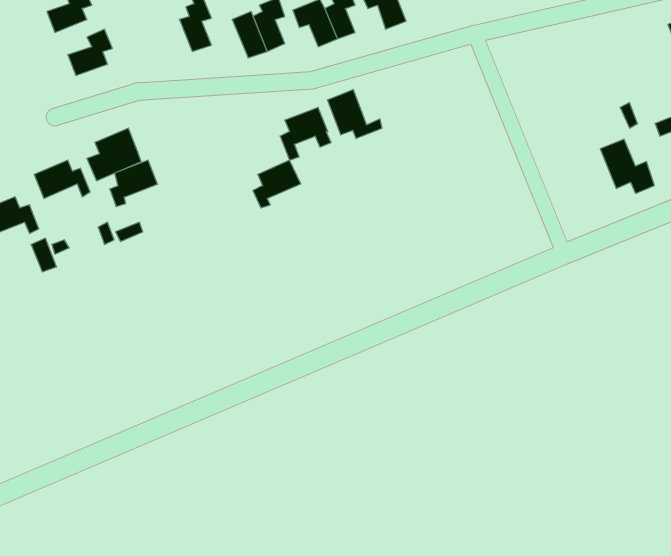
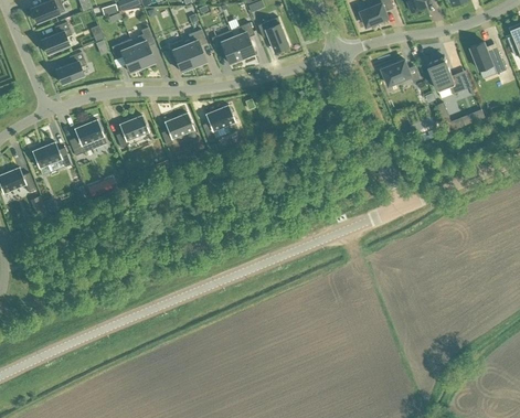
building: none -> [112,40,141,73]
building: none -> [382,61,420,86]
building: [328,89,382,139] -> none
building: [600,139,654,193] -> [428,57,466,95]
building: [253,160,301,208] -> [161,112,194,146]
building: [110,160,158,207] -> [116,116,149,148]

